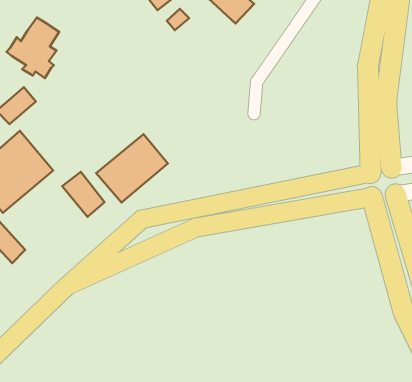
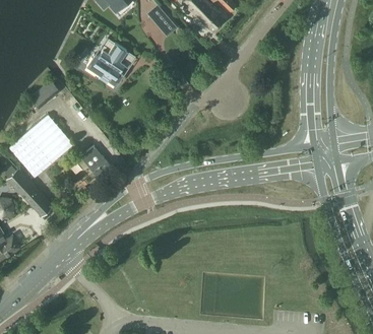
building: [6,17,59,78] -> [86,40,127,86]
building: [96,134,168,202] -> none

